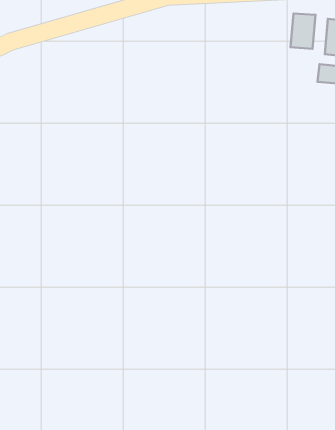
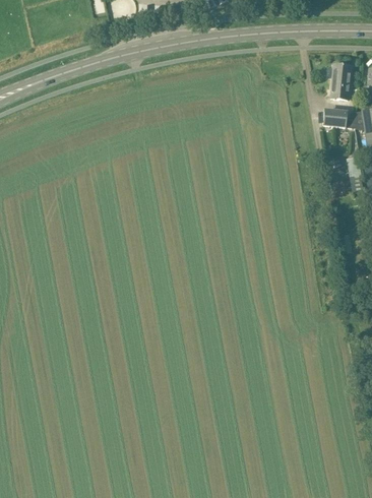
building: [291,13,315,49] -> none

